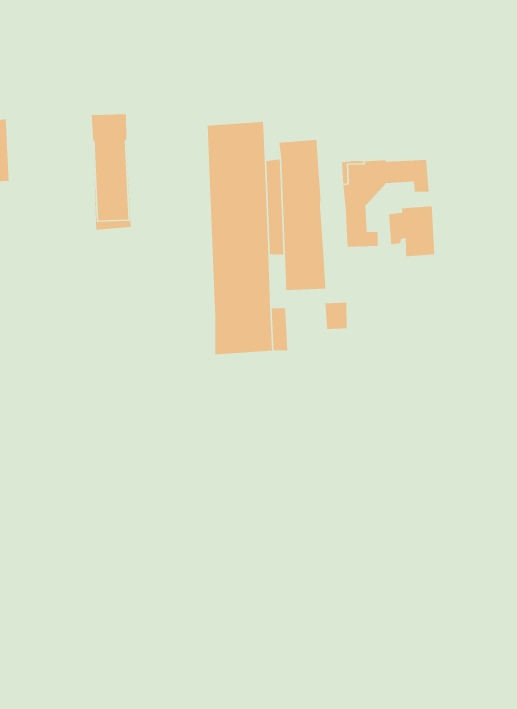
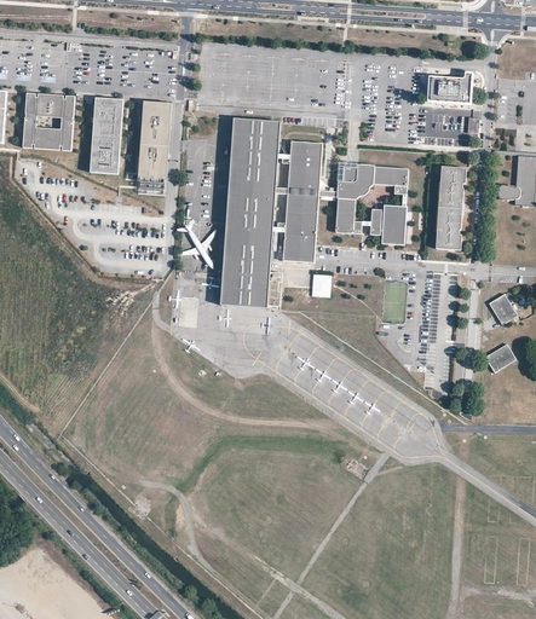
building: none -> [428,73,472,103]
building: none -> [90,97,123,174]
building: none -> [436,166,467,249]

